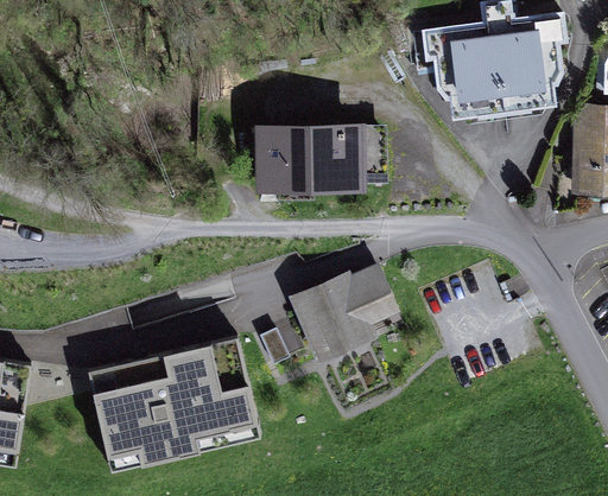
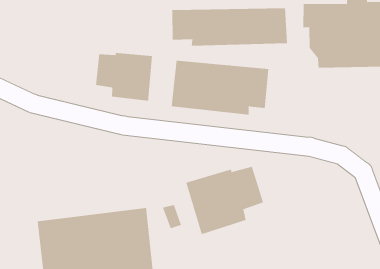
building: none -> [172,7,287,47]
building: none -> [96,52,153,102]

